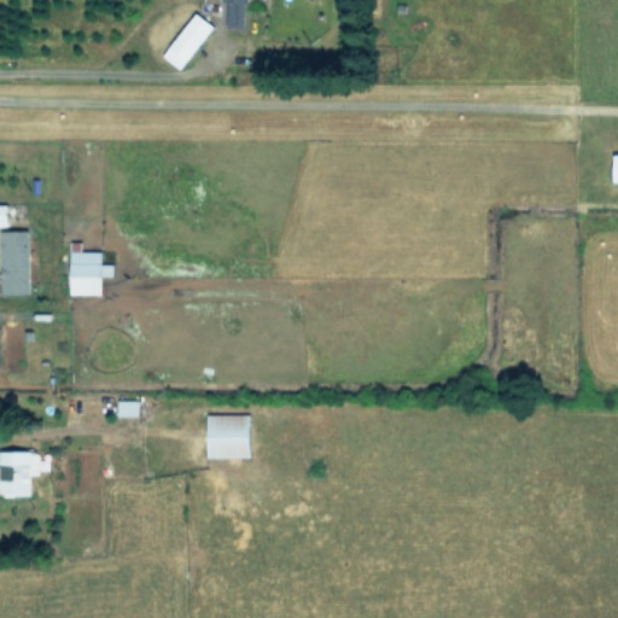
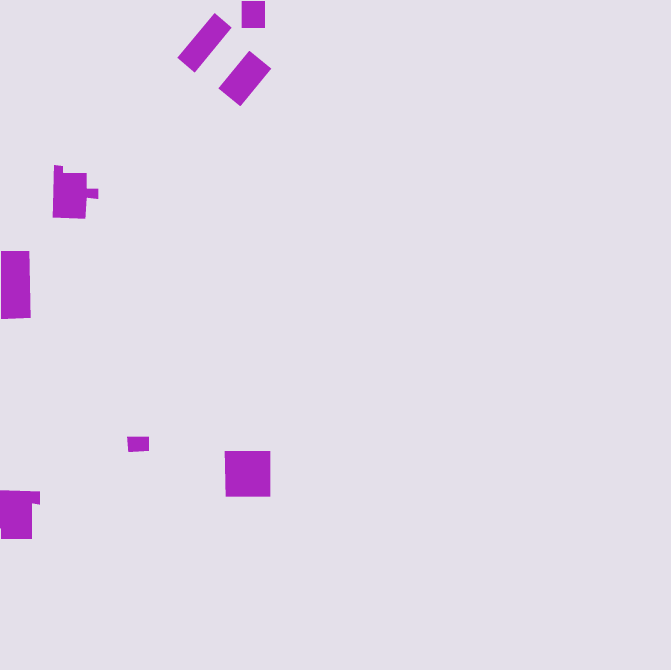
building: none -> [217,50,273,107]
building: [69,245,112,296] -> [52,164,99,219]

